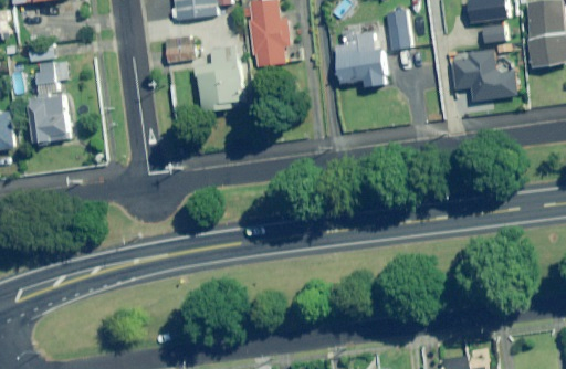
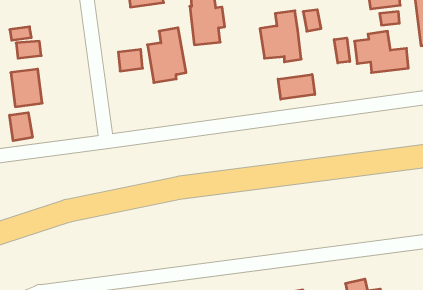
building: [165,36,195,63] -> [118,49,143,71]
building: none -> [334,38,350,63]
building: none -> [278,74,315,99]
building: none -> [10,113,32,141]

